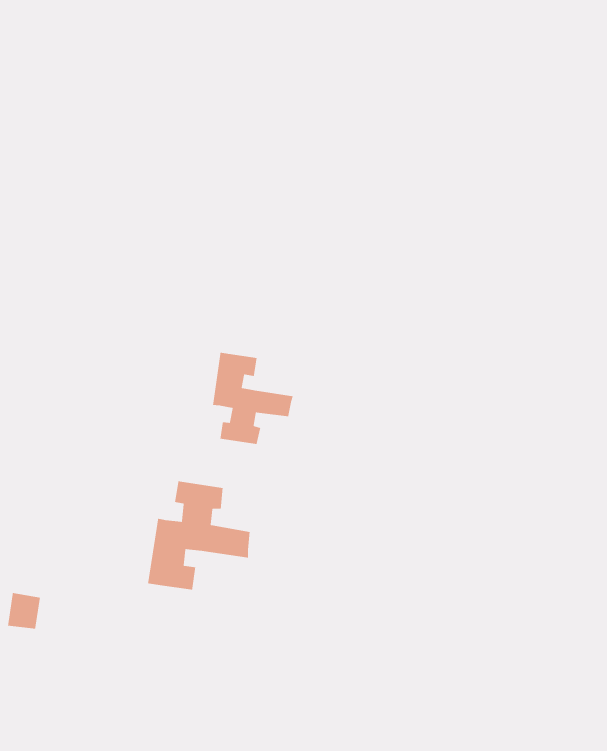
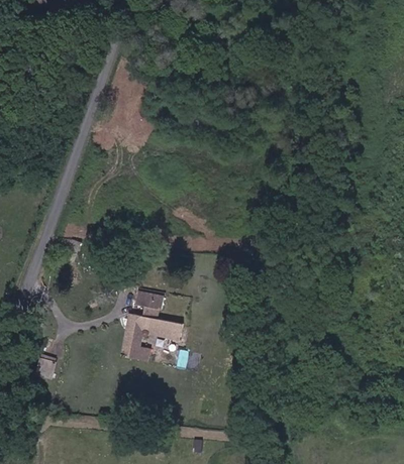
building: [212,352,294,445] -> none

